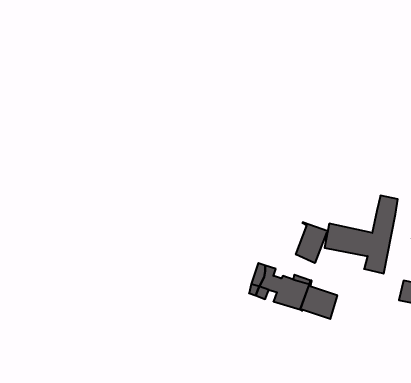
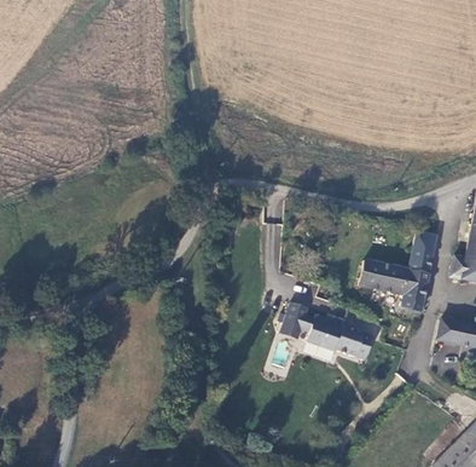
building: [296,222,328,263] -> none

